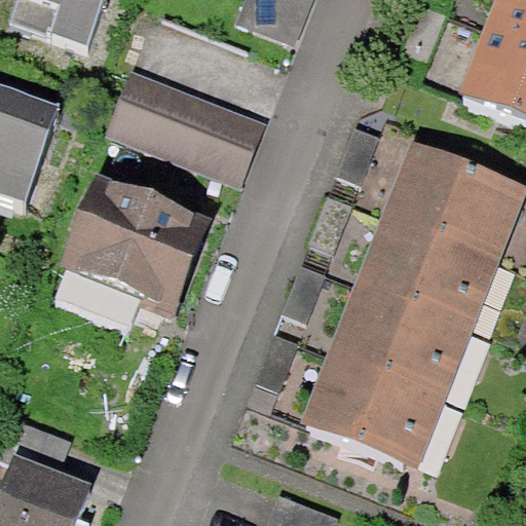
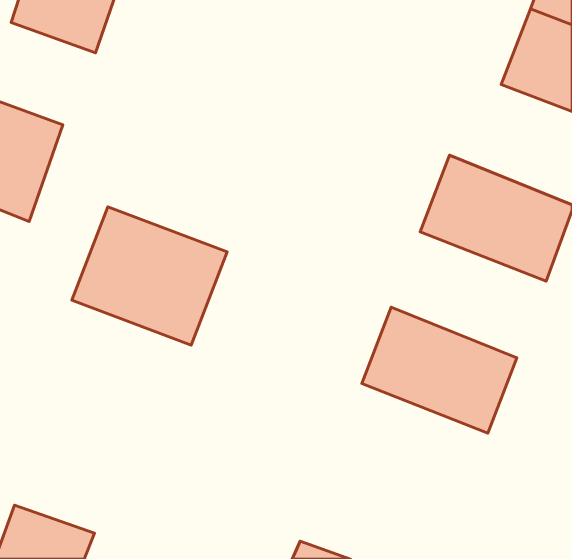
building: [108,74,260,184] -> none
building: [358,212,499,327] -> none
building: [304,350,446,465] -> none

